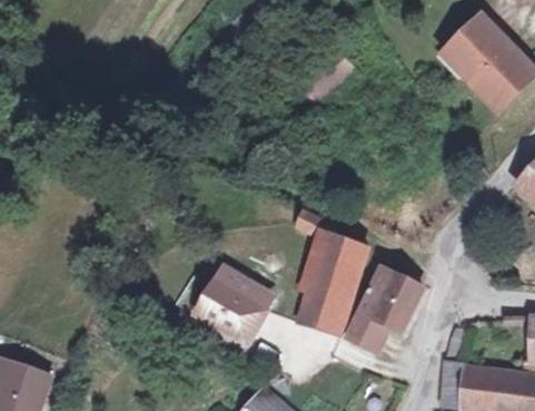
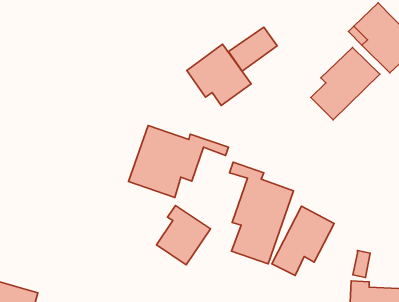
building: none -> [187,44,251,105]
building: none -> [311,48,380,120]
building: none -> [129,126,228,198]

